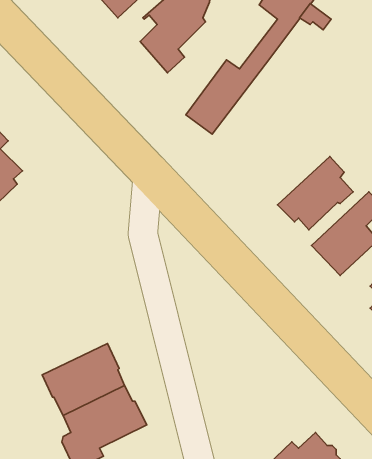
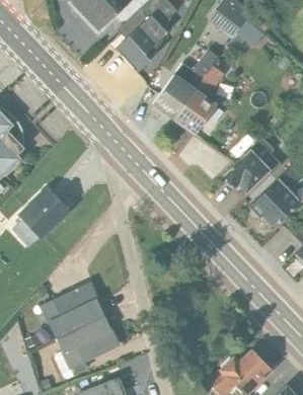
building: none -> [172,60,230,135]
building: none -> [13,191,67,245]

